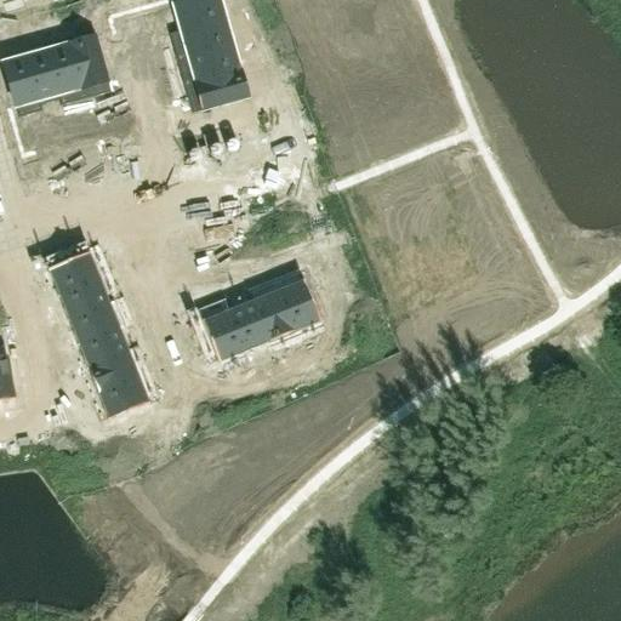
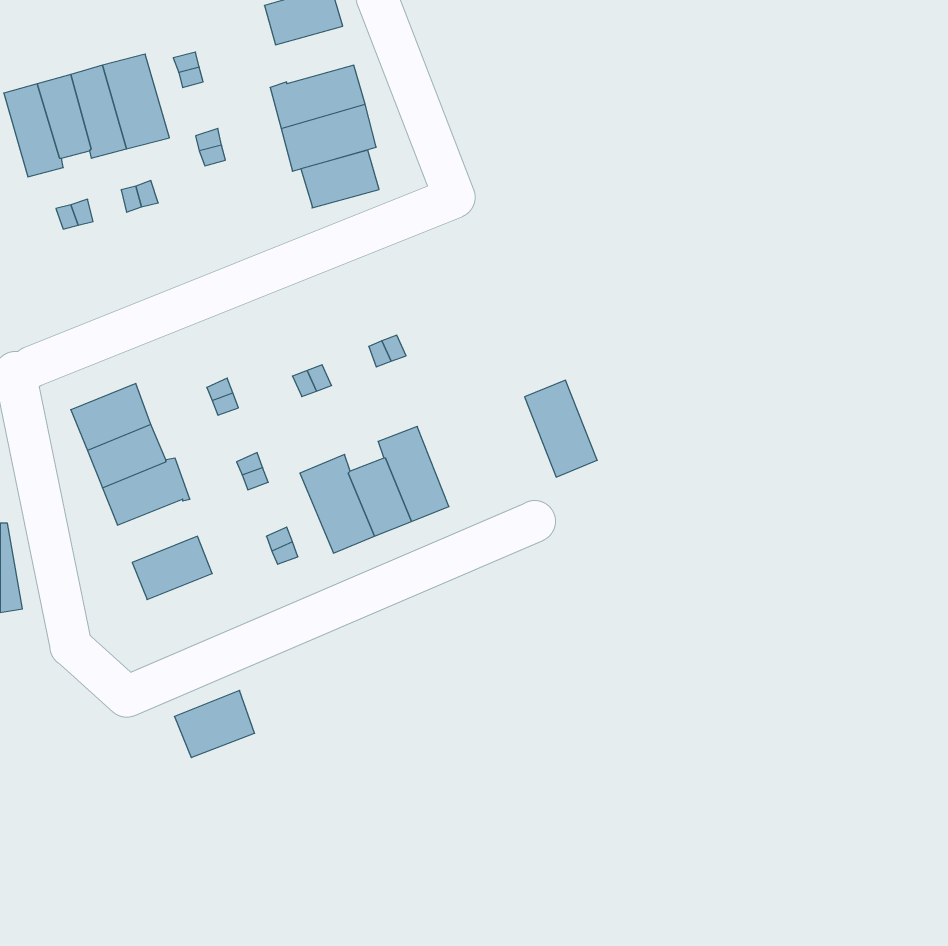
building: [182,17,233,55] -> [301,150,379,208]
building: [274,267,321,330] -> [525,380,597,477]
building: [79,325,131,366] -> none
building: [98,374,150,417] -> [174,690,255,758]

